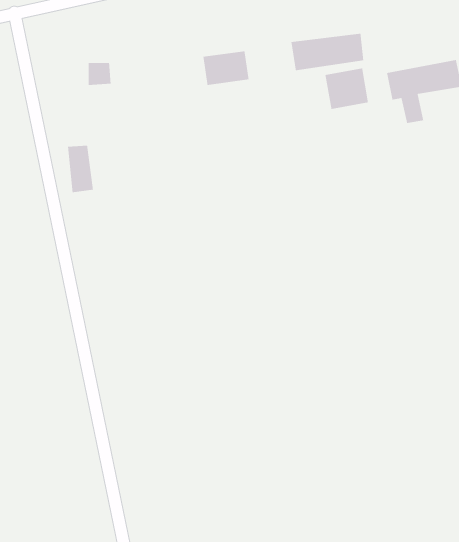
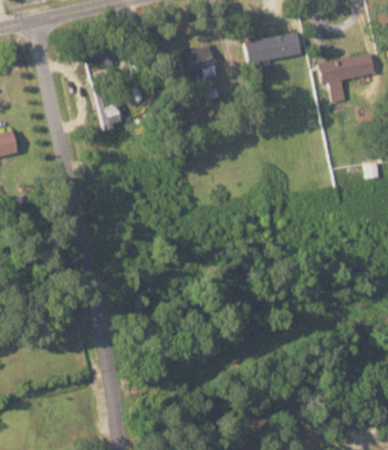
building: [325,67,369,110] -> none
building: [67,145,94,193] -> [99,92,119,128]

